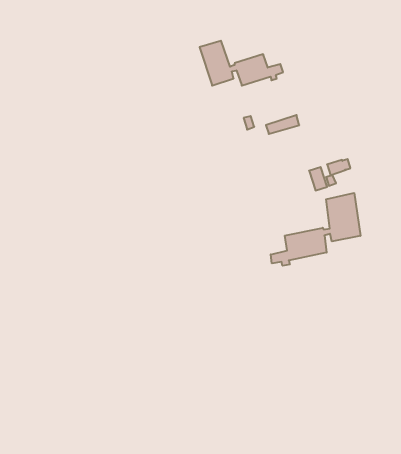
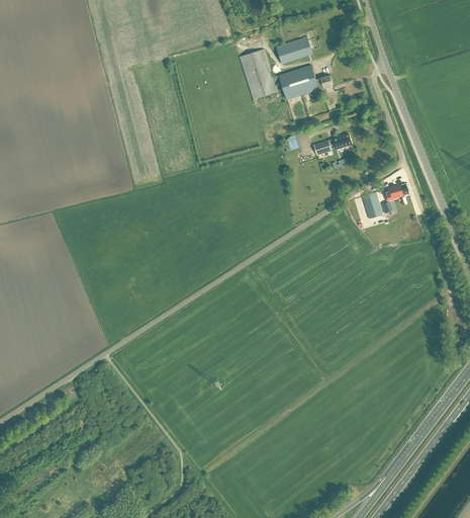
building: none -> [275,36,311,62]
building: [271,193,360,266] -> none

